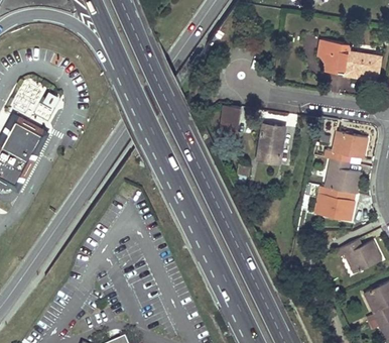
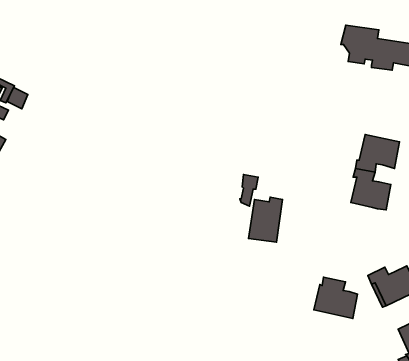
building: [219,103,239,130] -> none
building: [256,124,284,161] -> [248,197,282,242]
building: [317,186,354,220] -> [314,277,358,318]

